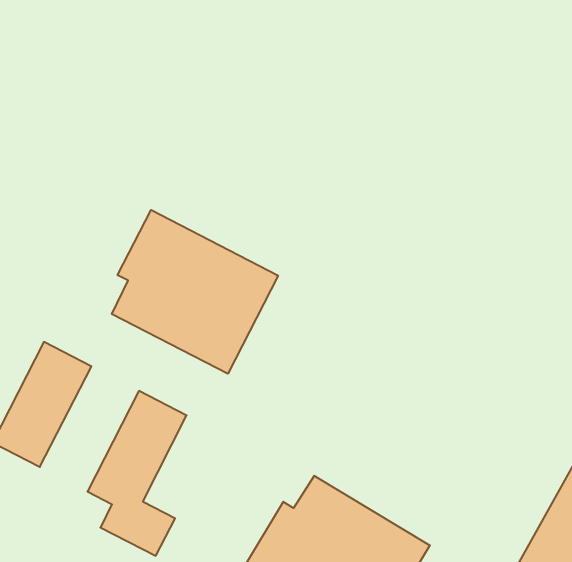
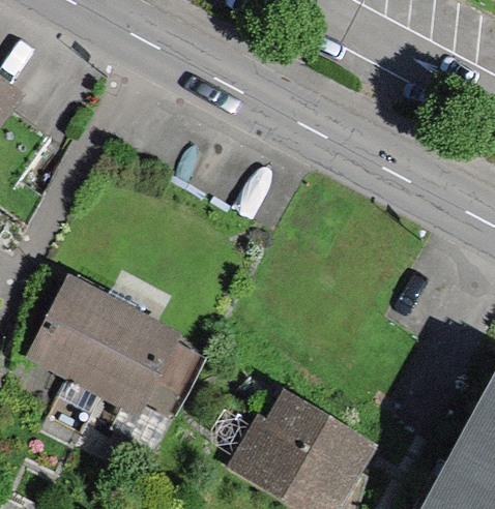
building: [112,210,278,374] -> none
building: none -> [64,298,144,398]

